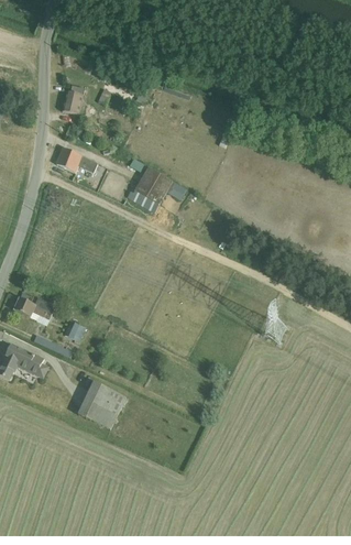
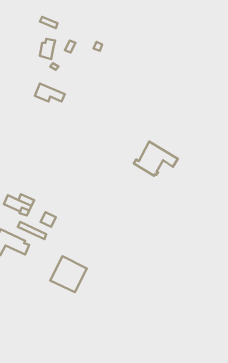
building: [125,166,185,212] -> [134,142,178,176]

